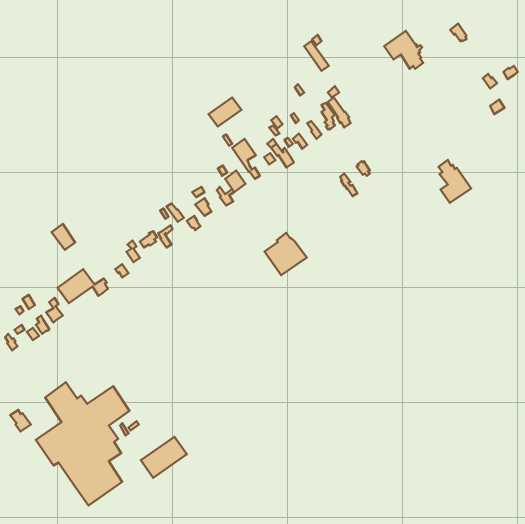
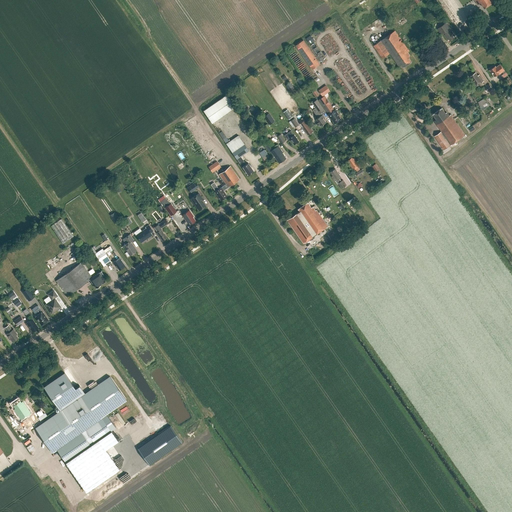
building: [438,160,471,203] -> [433,108,465,150]
building: [265,233,307,275] -> [287,203,328,244]

